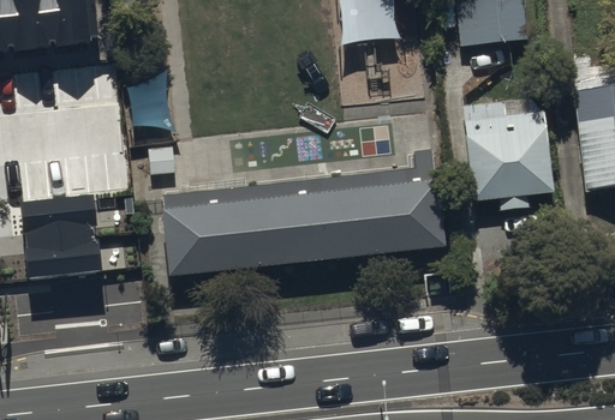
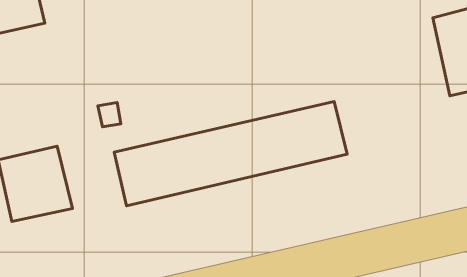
building: [465,112,554,200] -> none

